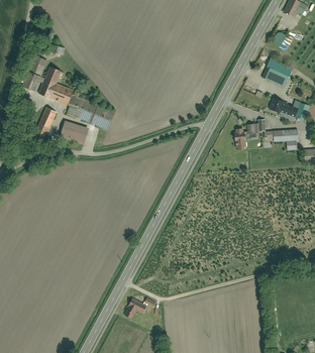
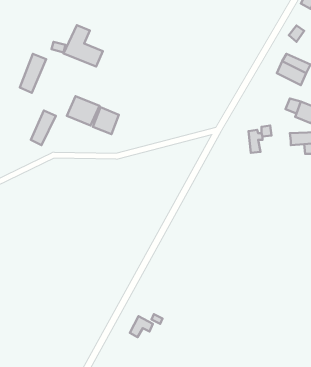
building: [37,68,74,106] -> [64,25,103,66]
building: [59,123,88,146] -> none

